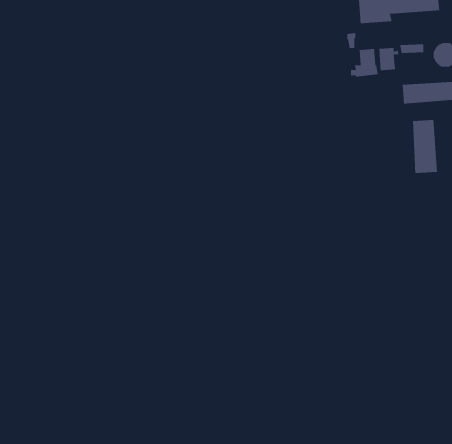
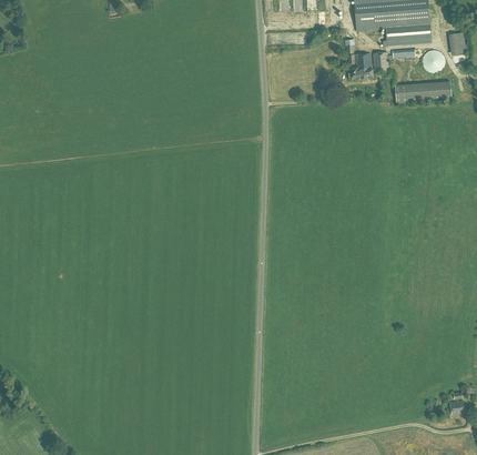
building: none -> [383,18,430,43]
building: [413,119,437,174] -> none

